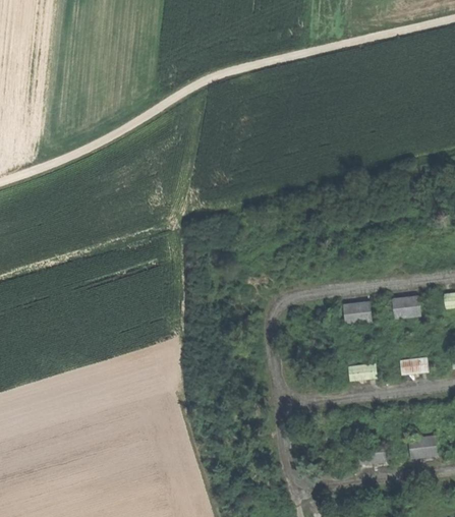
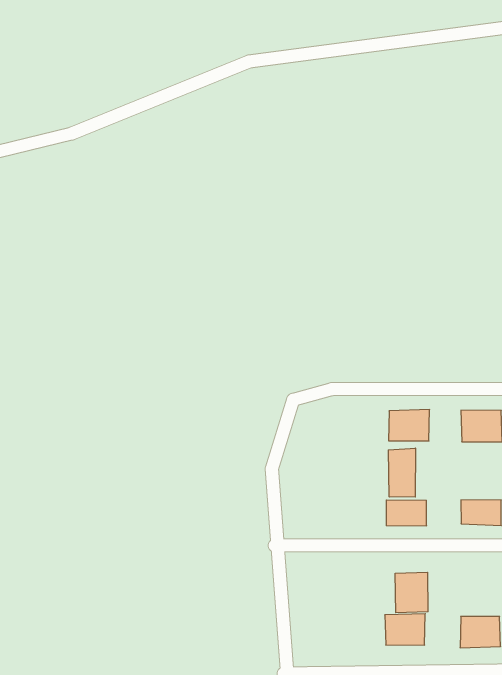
building: none -> [388,448,415,497]
building: none -> [395,572,428,613]

